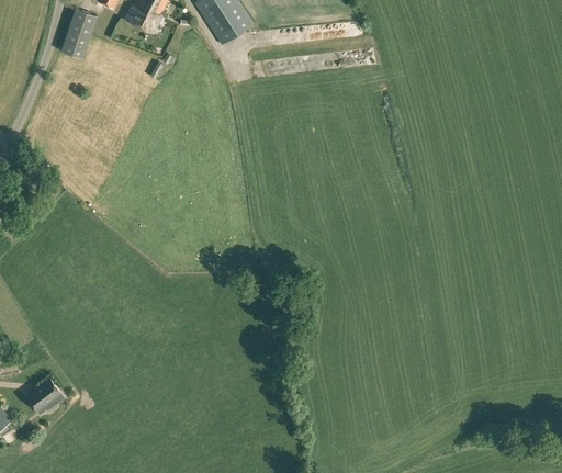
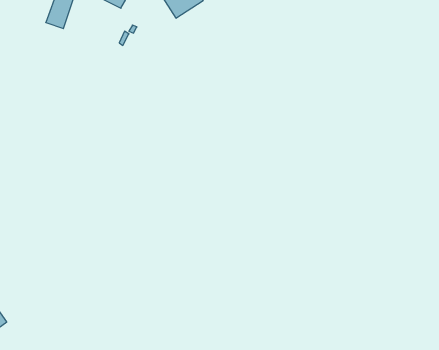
building: [26,380,59,410] -> none

